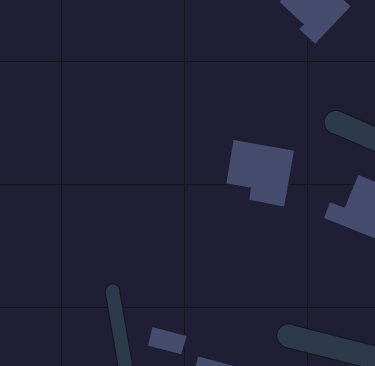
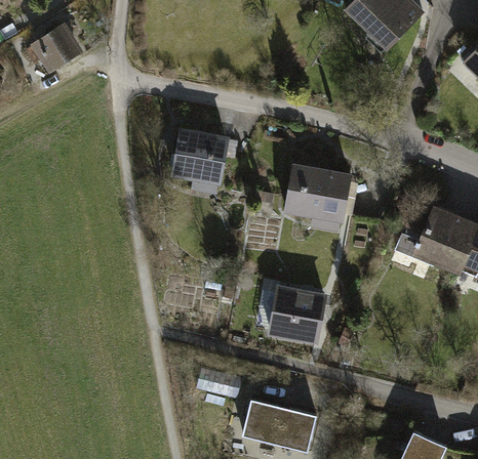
building: none -> [37,26,79,68]
building: none -> [168,124,229,195]
building: none -> [270,288,326,342]

